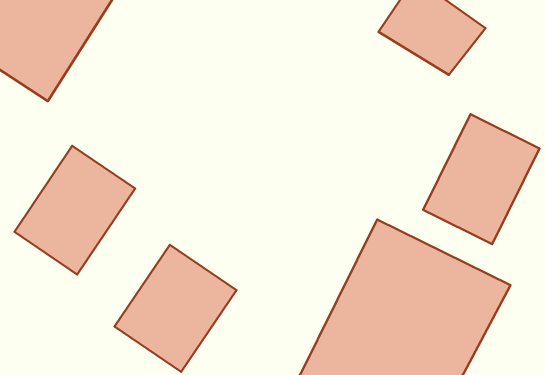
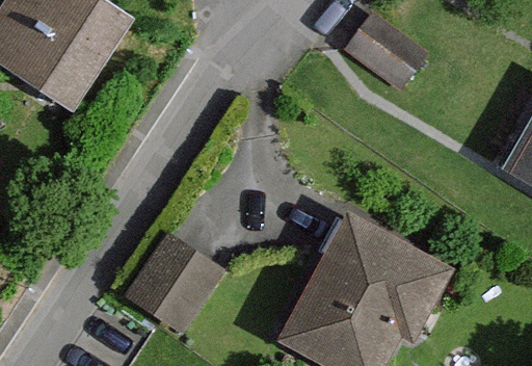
building: [423,114,540,244] -> none
building: [14,146,135,274] -> none

